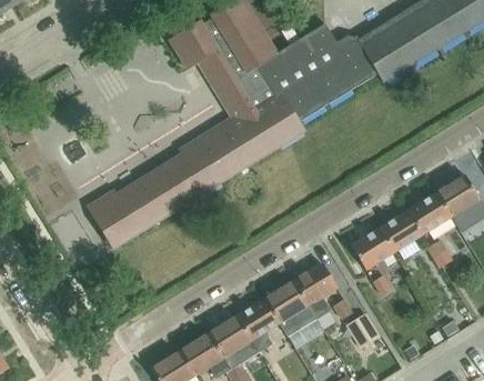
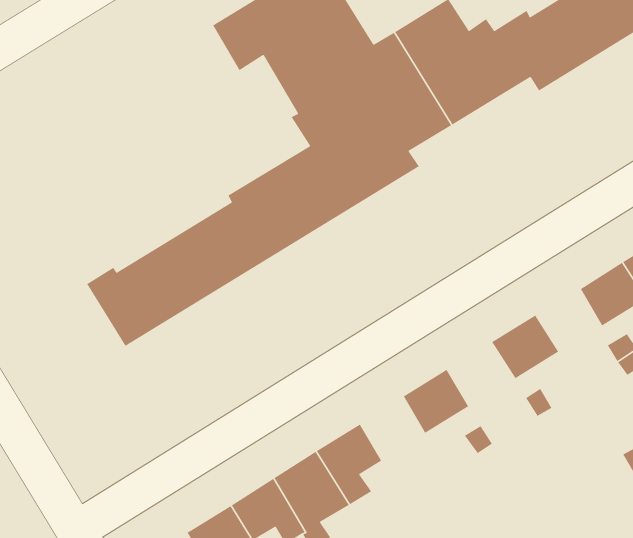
building: [380,210,423,251] -> none
building: [265,280,315,333] -> none
building: [345,313,379,348] -> none

